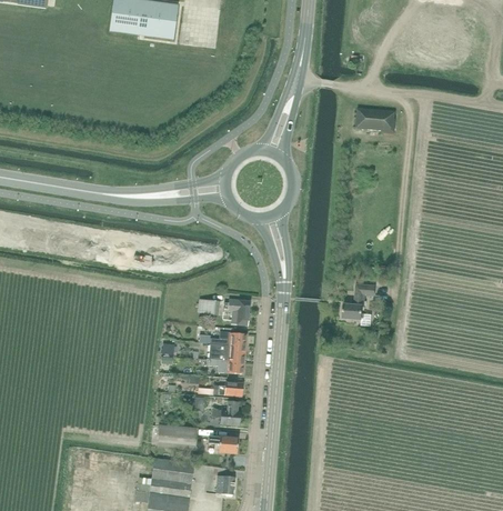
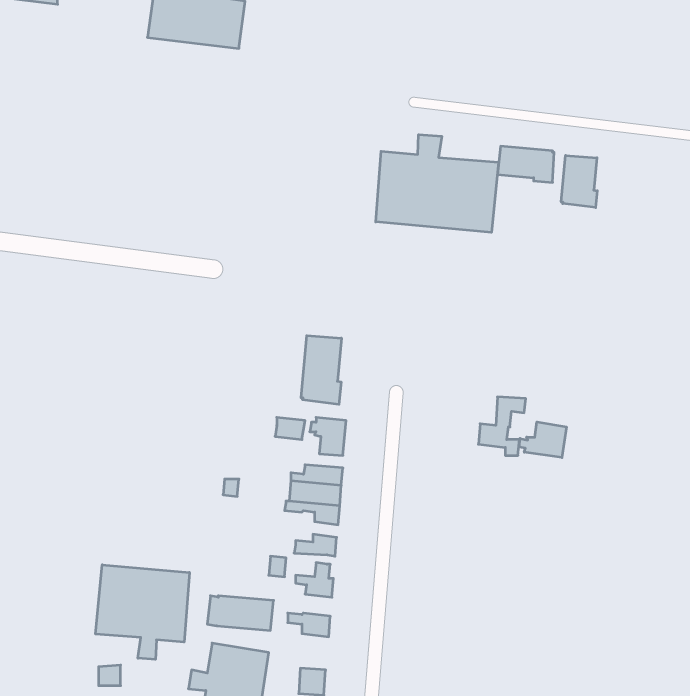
building: none -> [376,135,499,232]
building: none -> [561,155,597,208]
building: none -> [301,336,341,404]
building: none -> [520,422,566,458]
building: none -> [96,565,189,659]

